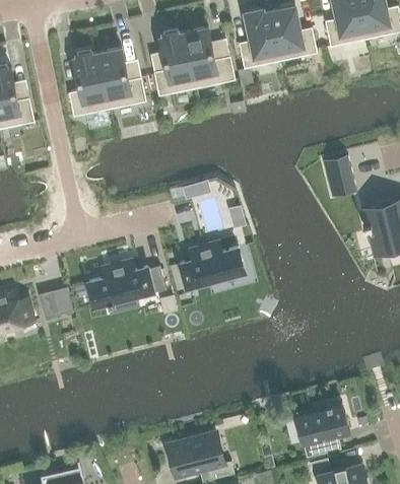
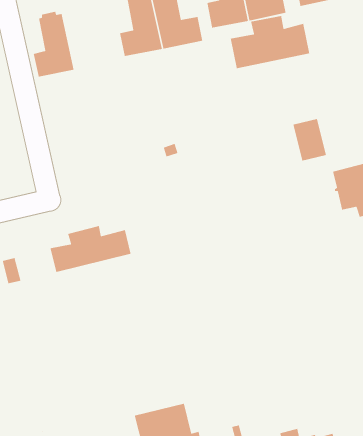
building: [97,48,146,109] -> none
building: none -> [230,15,310,69]
building: [181,241,245,286] -> none
building: [295,403,349,458] -> none

